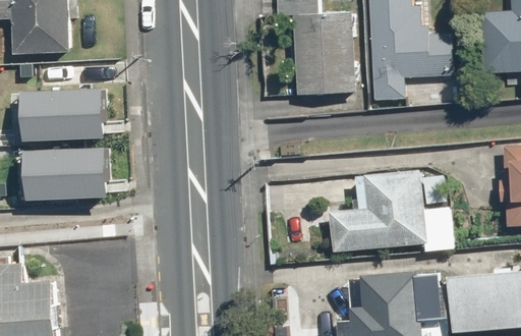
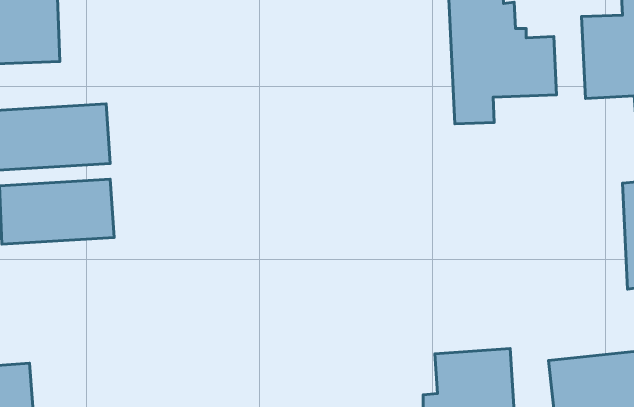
building: [295,11,356,94] -> none
building: [329,168,454,251] -> none

